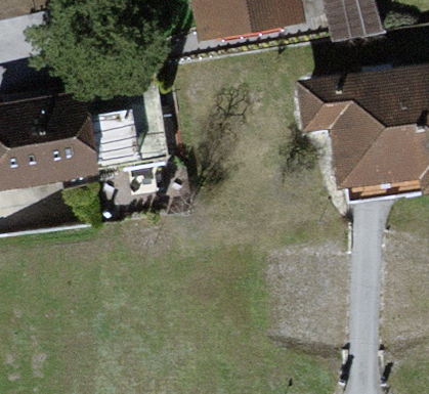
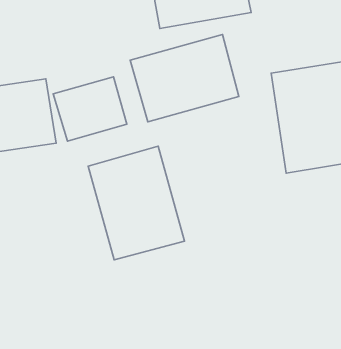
building: none -> [130,34,239,122]
building: none -> [88,146,185,260]

